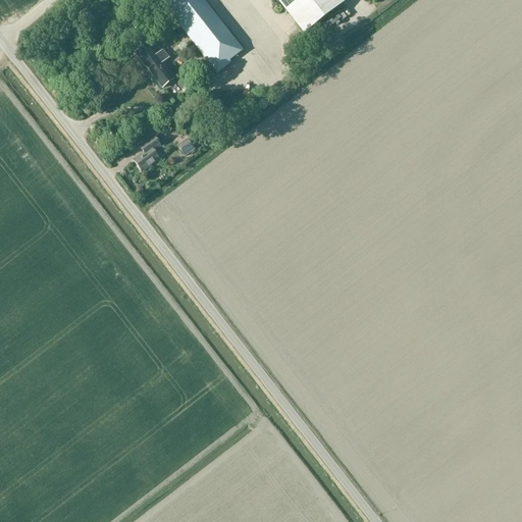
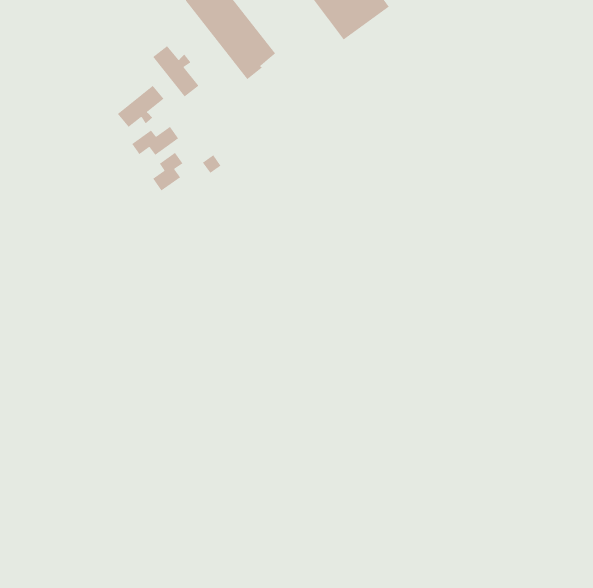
building: none -> [117,85,164,128]
building: none -> [131,126,179,156]

